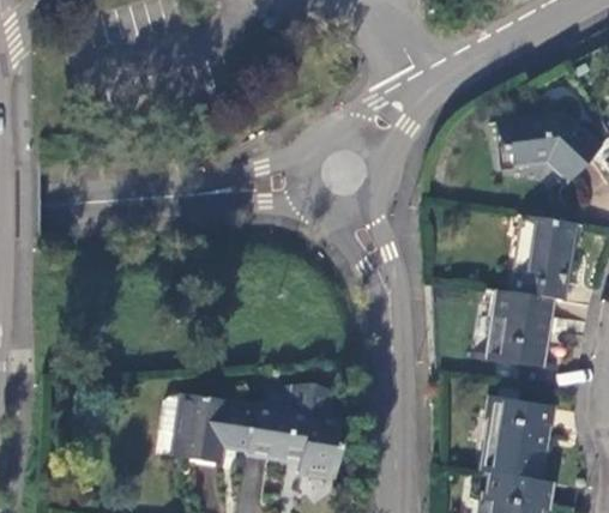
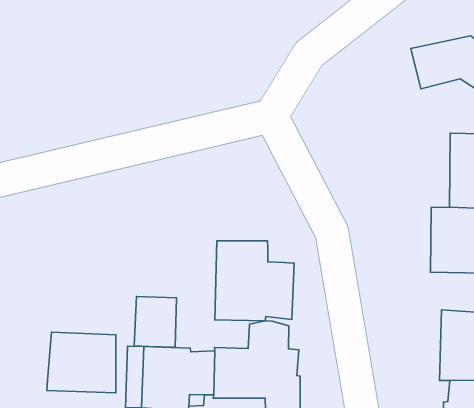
building: none -> [215,241,294,321]
building: none -> [134,297,177,347]
building: none -> [47,332,116,393]

